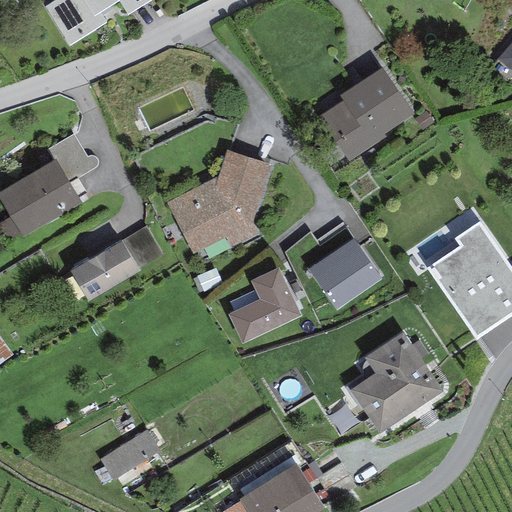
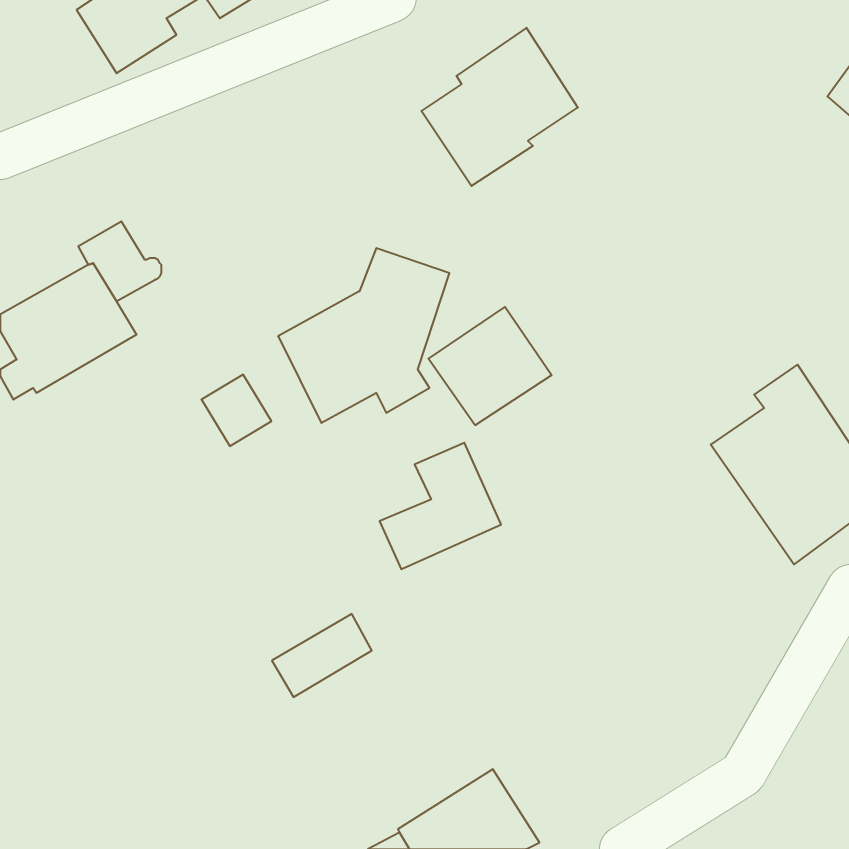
building: [320,65,414,160] -> [421,28,578,186]
building: [308,238,382,309] -> [428,307,552,425]
building: [71,239,140,301] -> none
building: [351,331,443,433] -> none
building: [100,429,160,479] -> [272,614,372,697]

